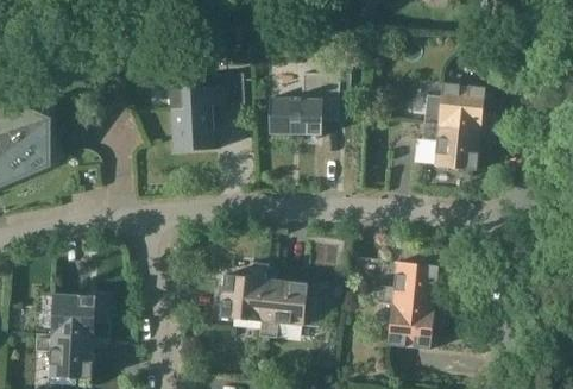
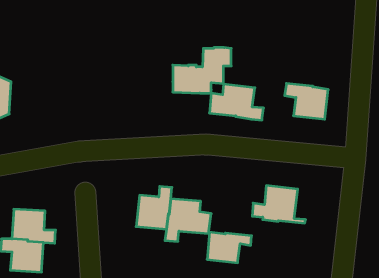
building: [169,73,244,151] -> none
building: [423,82,497,131] -> [209,84,264,120]
building: [388,307,448,349] -> [207,232,252,263]

